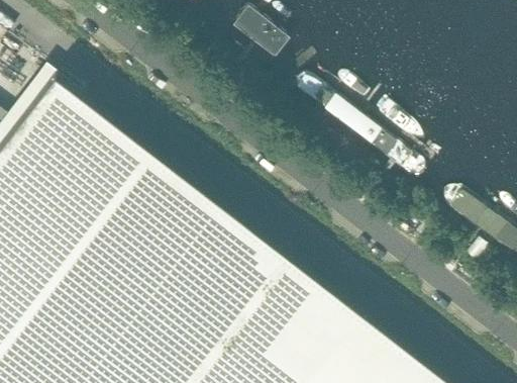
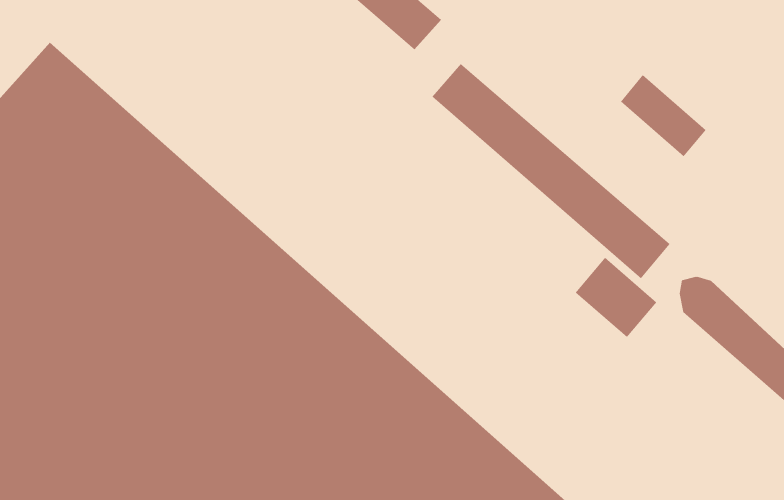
building: none -> [620,74,707,157]
building: none -> [575,257,657,338]

